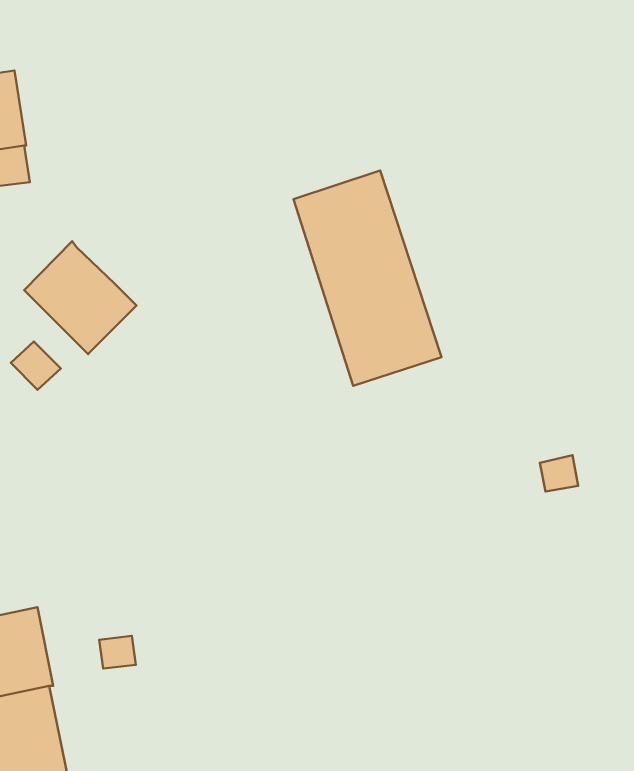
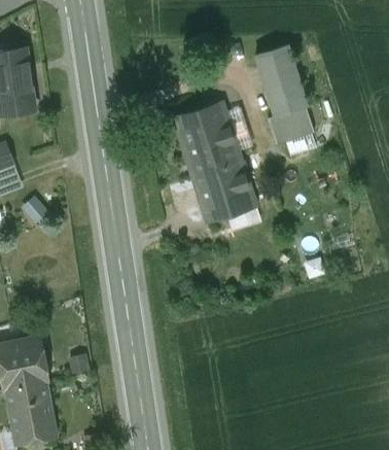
building: none -> [263,56,322,147]
building: [24,241,136,354] -> none

